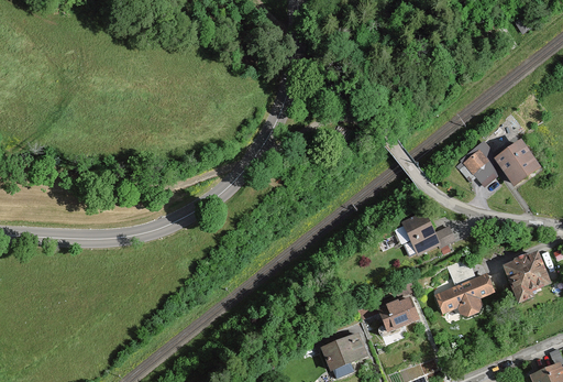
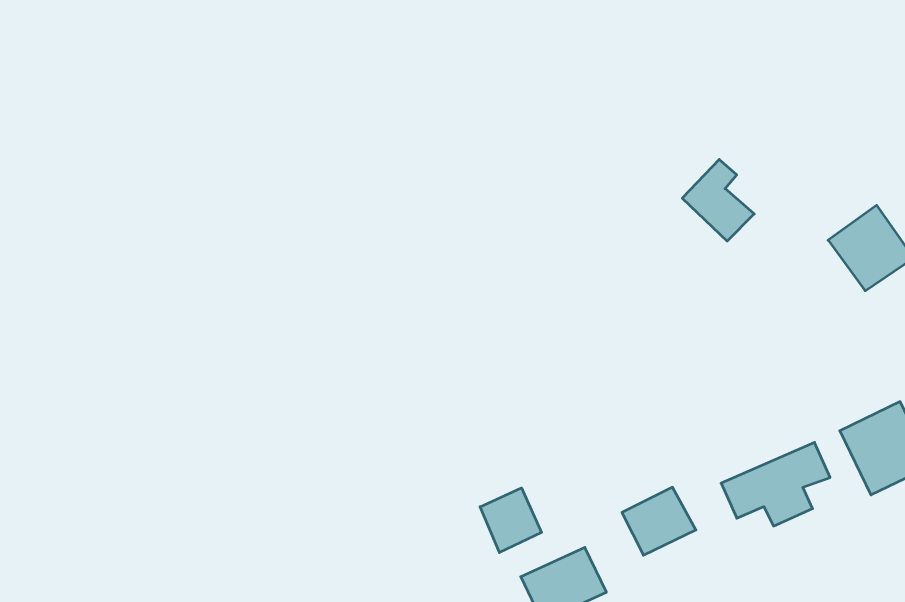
building: [461,137,501,183] -> [682,159,754,241]
building: [400,210,454,257] -> none
building: none -> [480,488,542,553]

